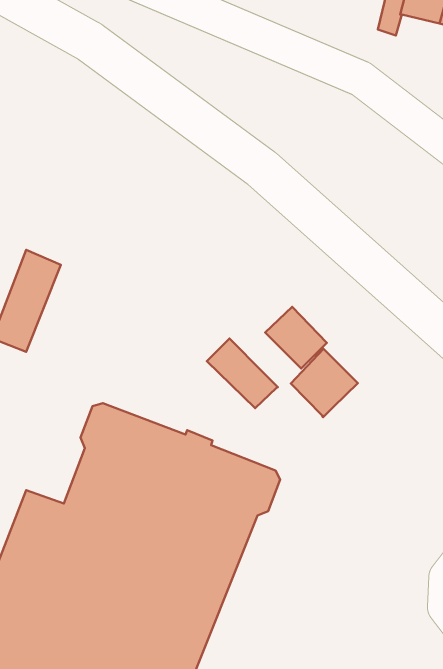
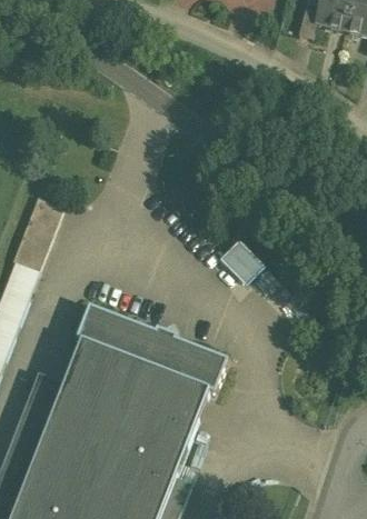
building: [207,338,278,408] -> none
building: [291,349,358,417] -> none

